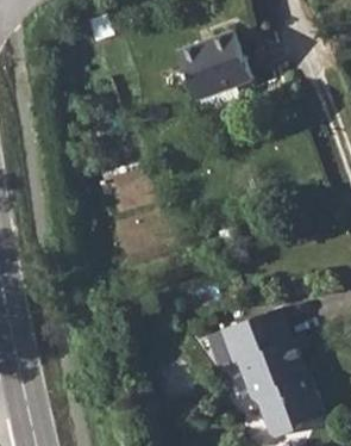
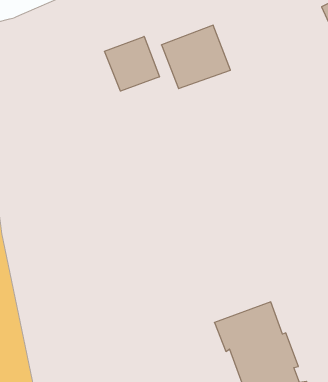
building: none -> [104,36,159,91]

